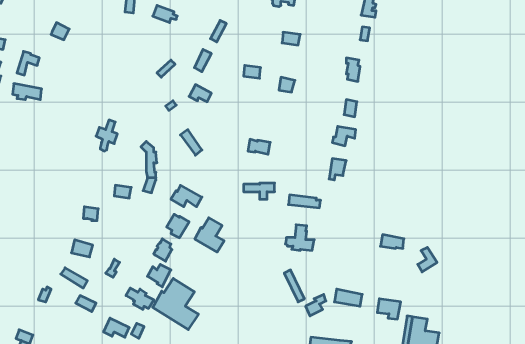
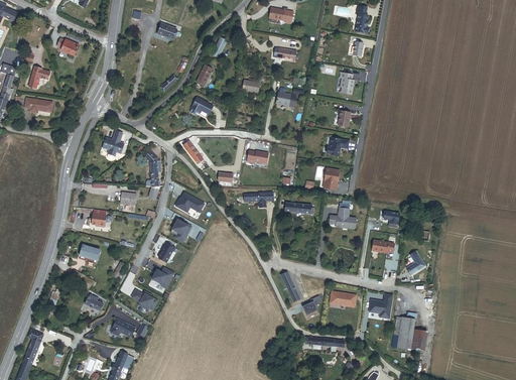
building: [195,218,224,252] -> none
building: [285,225,314,250] -> [330,202,357,226]
building: [153,278,198,330] -> none

